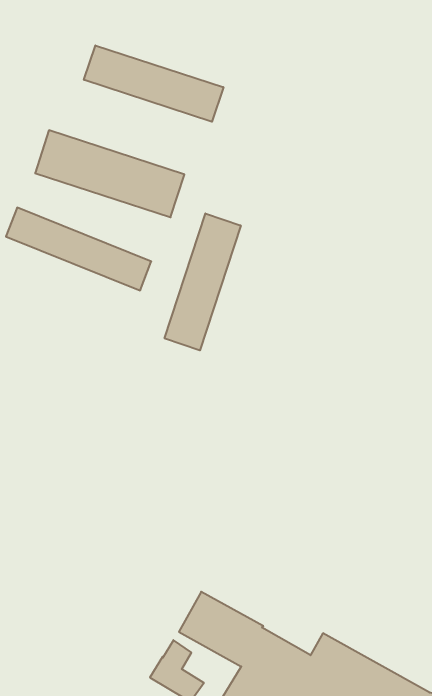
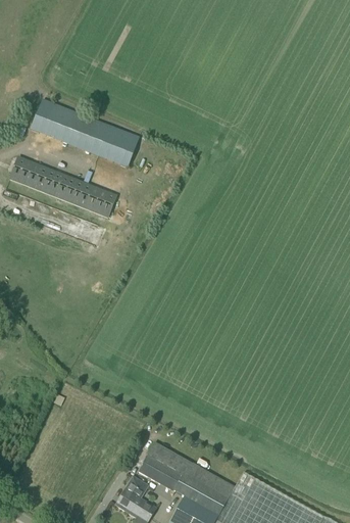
building: [84,45,223,122] -> none
building: [165,213,241,350] -> none

